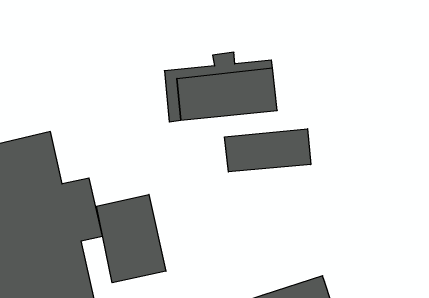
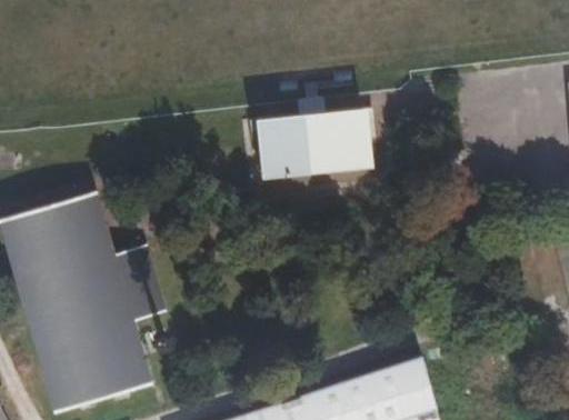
building: [225,129,311,172] -> none
building: [97,194,166,283] -> none

